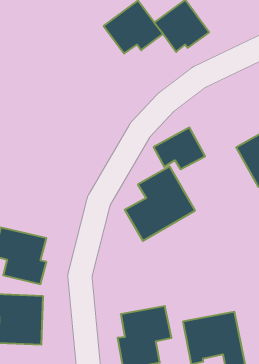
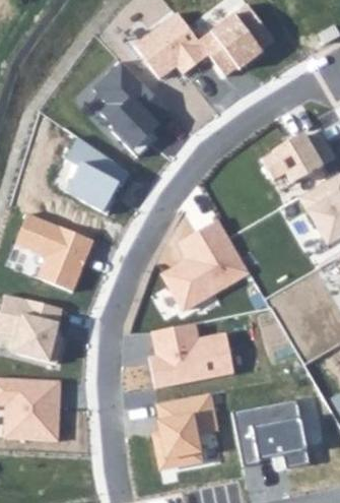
building: none -> [94,61,167,150]
building: none -> [65,137,129,212]
building: [154,128,205,169] -> [260,131,324,183]
building: none -> [16,214,92,291]
building: none -> [148,322,235,388]

